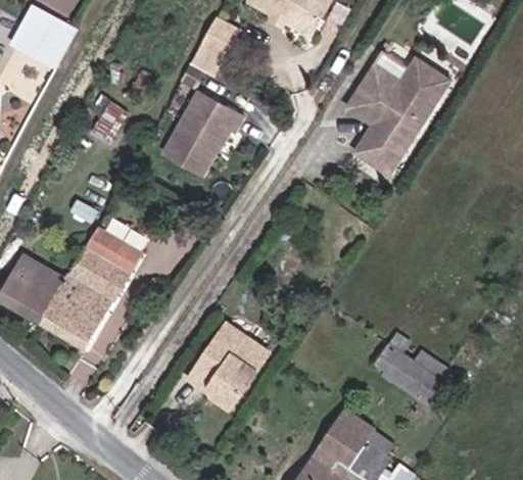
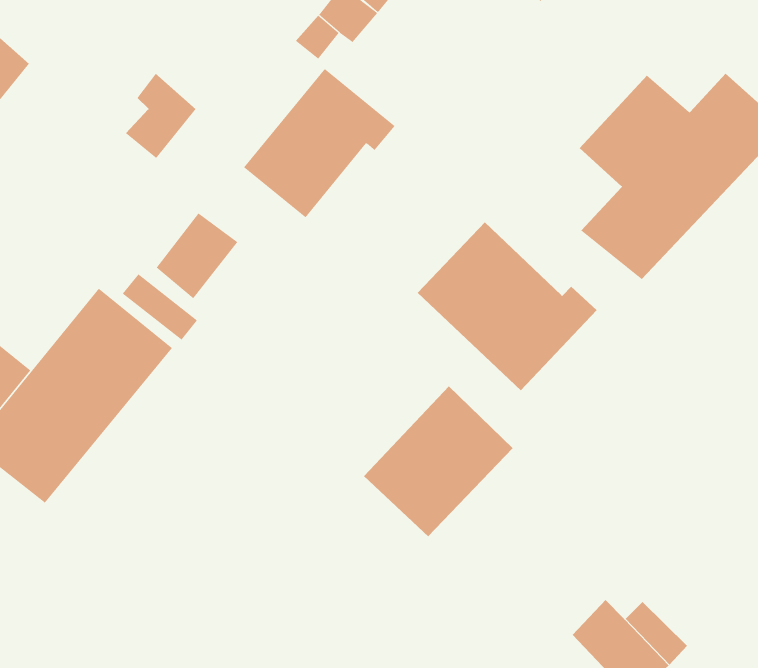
building: none -> [417,222,598,391]
building: none -> [156,212,238,299]
building: [189,325,269,410] -> [363,385,513,537]

